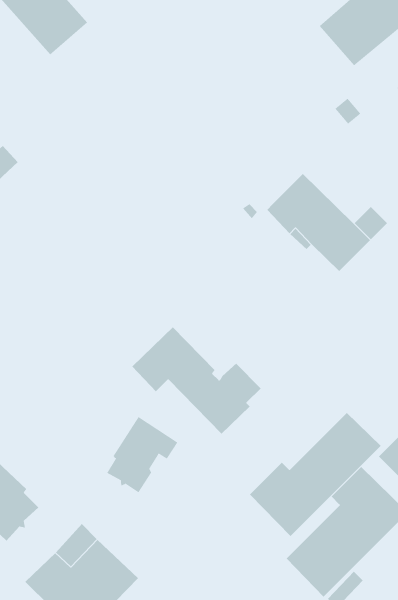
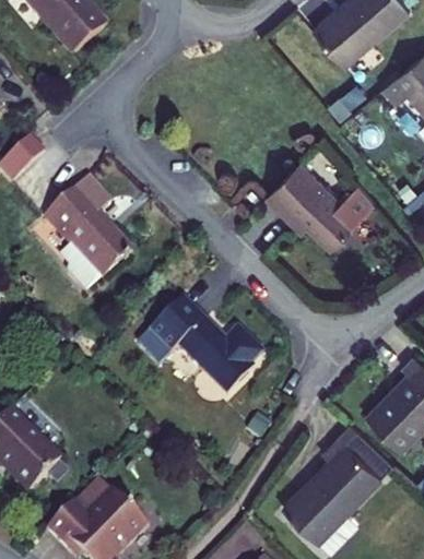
building: none -> [42,178,130,280]
building: [249,412,382,537] -> none
building: [107,416,178,493] -> none

